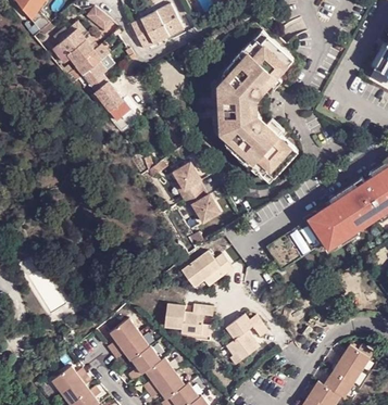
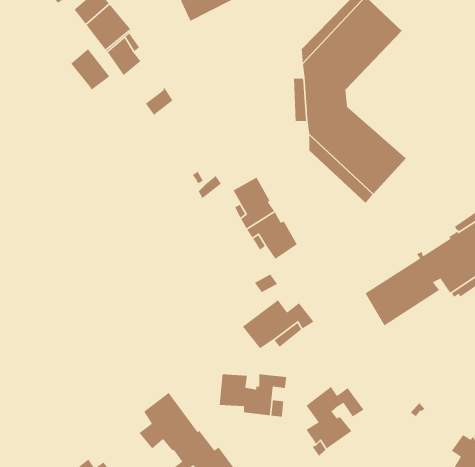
building: [95,81,123,112] -> [70,48,109,91]

